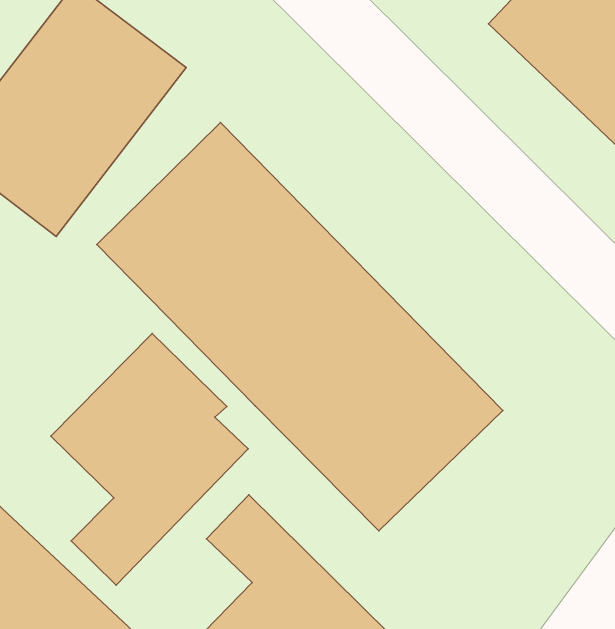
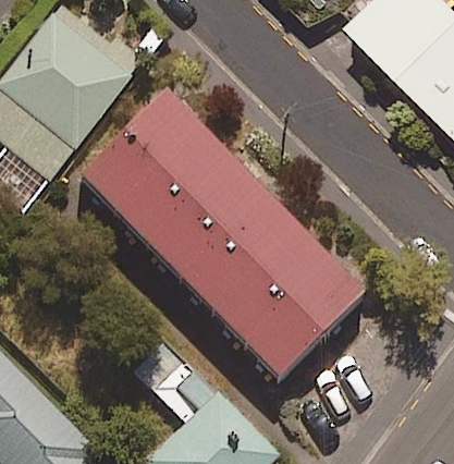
building: [51,333,248,585] -> none

